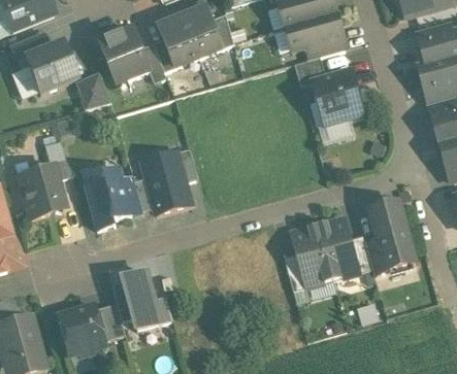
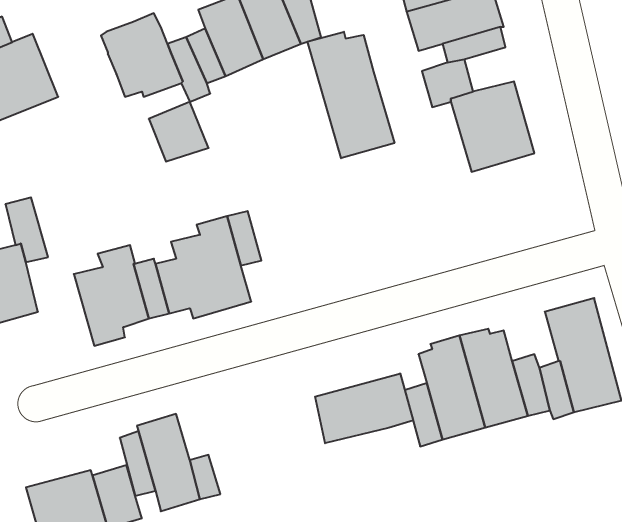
building: none -> [307,32,394,158]
building: [74,73,110,109] -> [149,102,209,162]
building: none -> [315,373,413,443]

